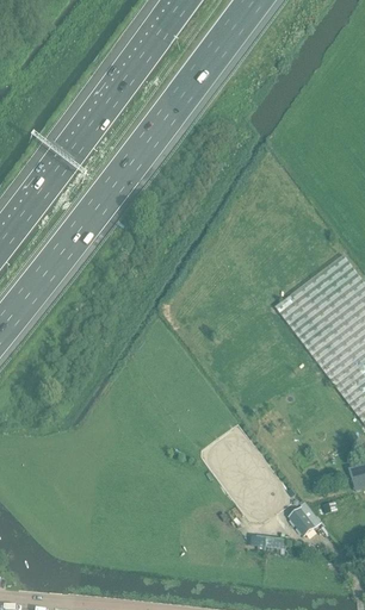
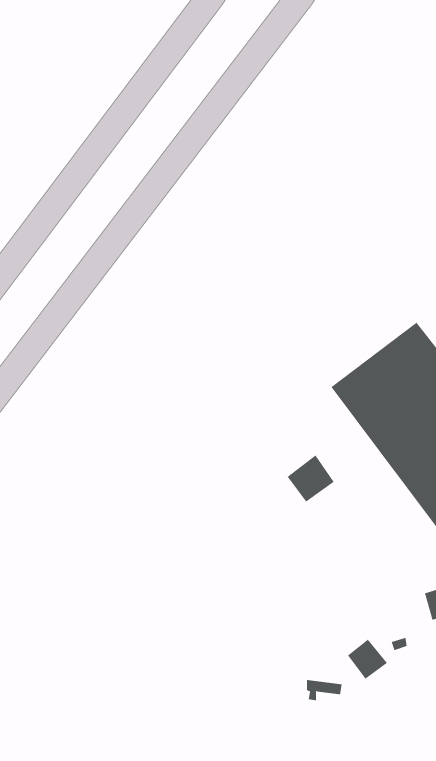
building: none -> [287,454,334,503]

